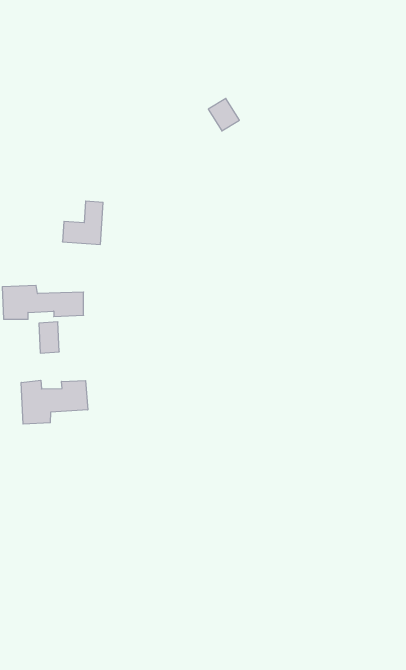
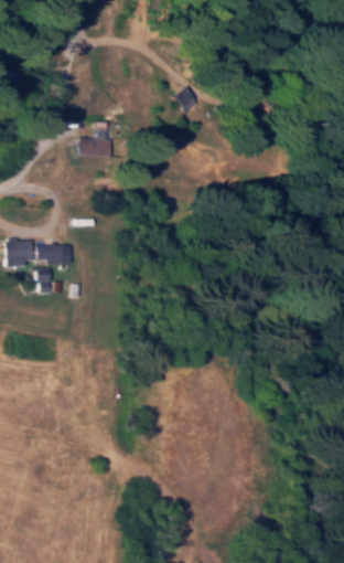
building: [62,201,103,244] -> [76,121,109,157]
building: [21,380,88,424] -> none

